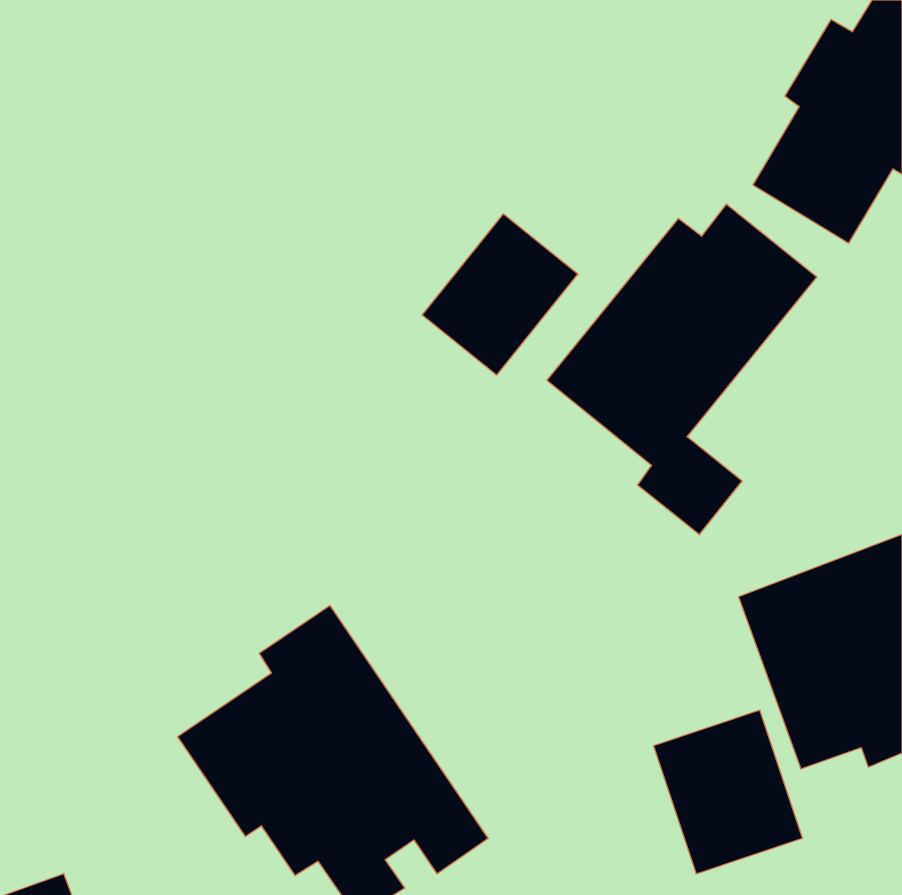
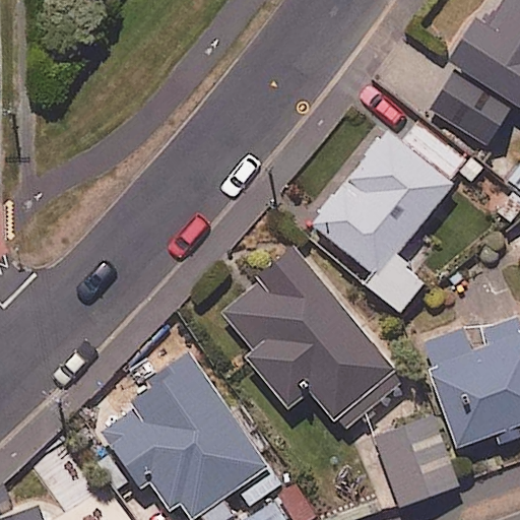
building: [422,214,578,375] -> none
building: none -> [223,254,403,432]

